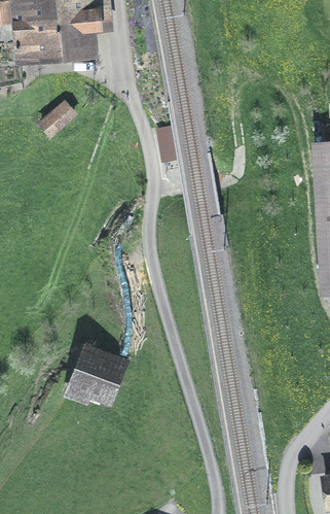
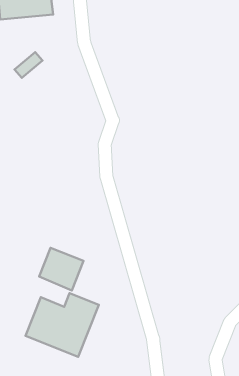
building: none -> [25,293,99,357]

